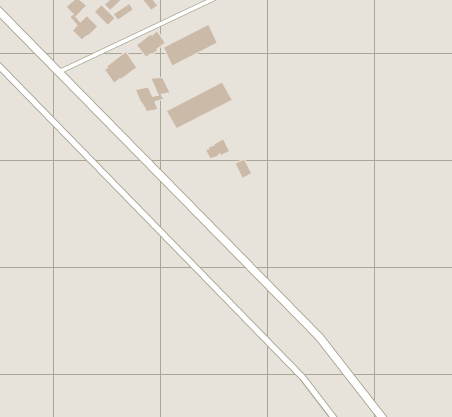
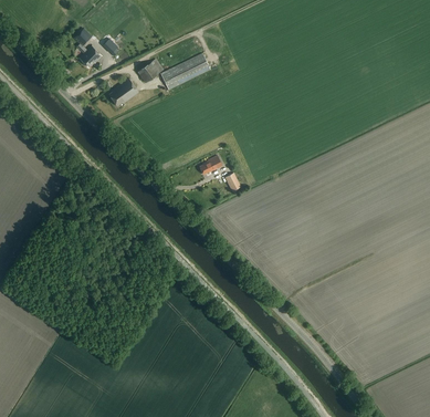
building: [135,77,170,112] -> none
building: [166,82,233,129] -> none

